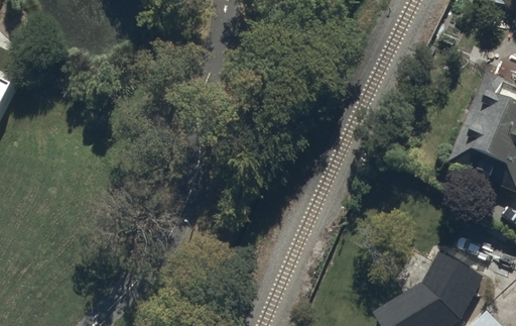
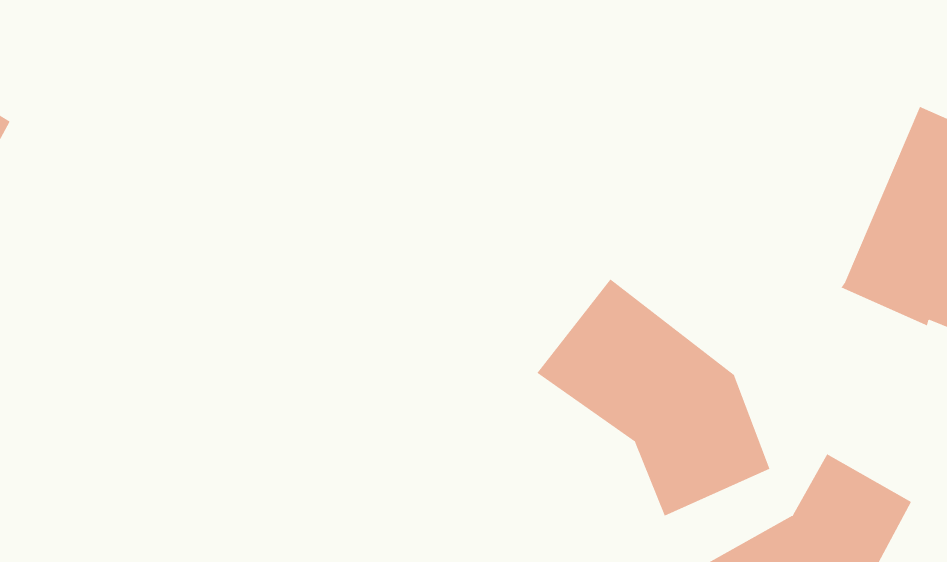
building: none -> [536,278,770,517]

